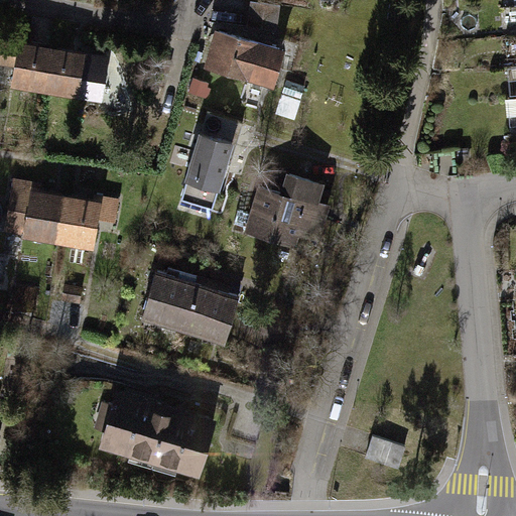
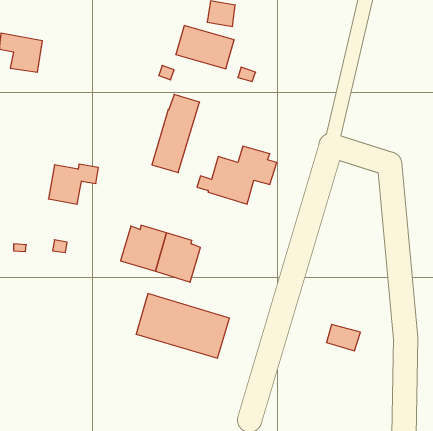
building: [44,52,100,96] -> none
building: [7,185,64,240] -> none
building: [102,396,213,473] -> [136,294,229,358]
building: [367,438,407,470] -> [326,325,360,351]

